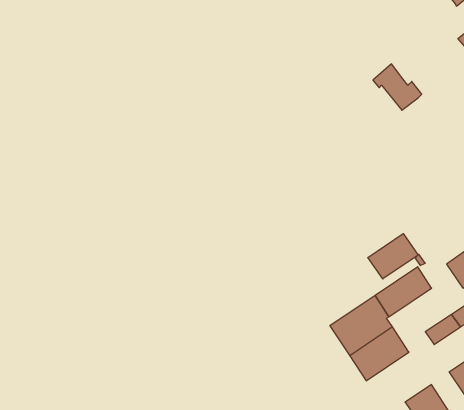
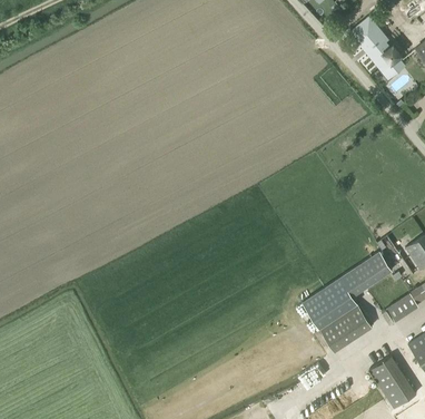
building: [373,64,422,110] -> [358,28,402,69]
building: [368,234,418,279] -> none

